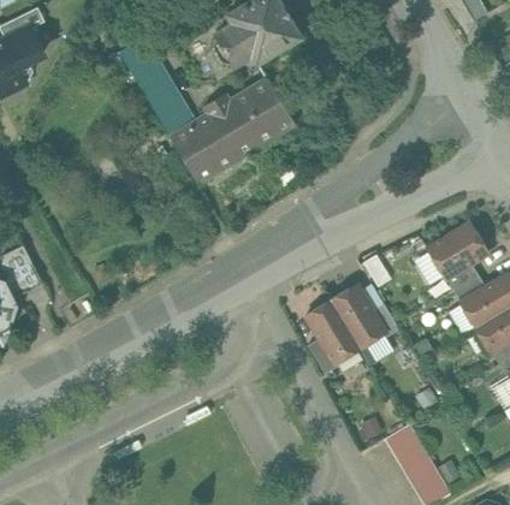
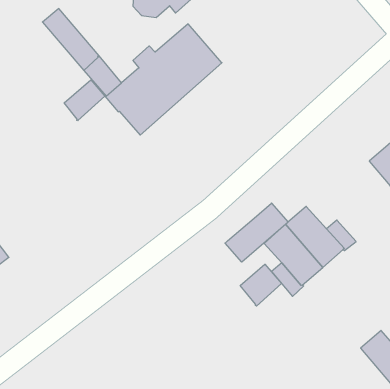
building: none -> [64,80,105,121]
building: none -> [225,203,288,262]
building: none -> [240,264,282,306]

